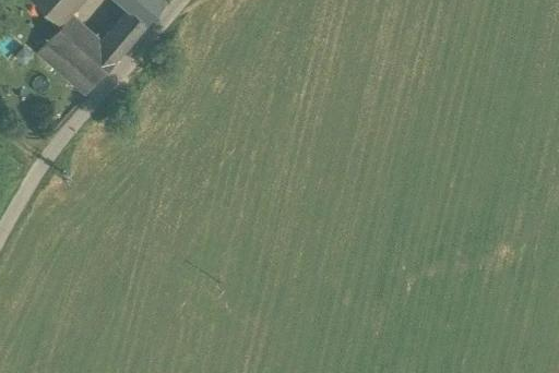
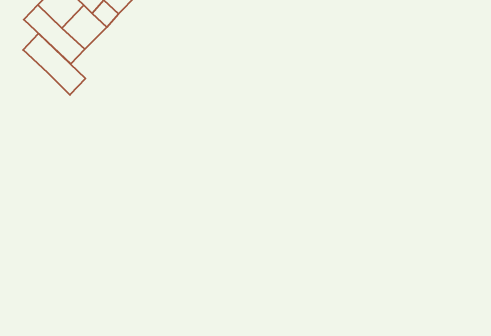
building: none -> [23,34,85,95]

